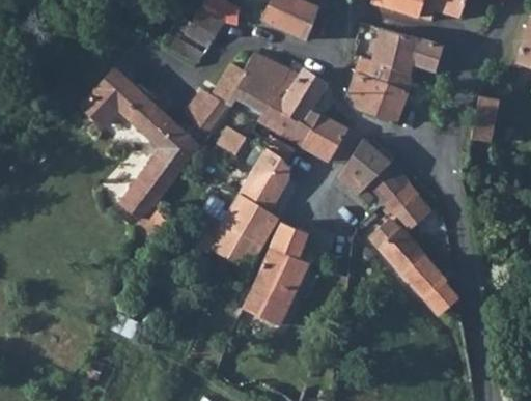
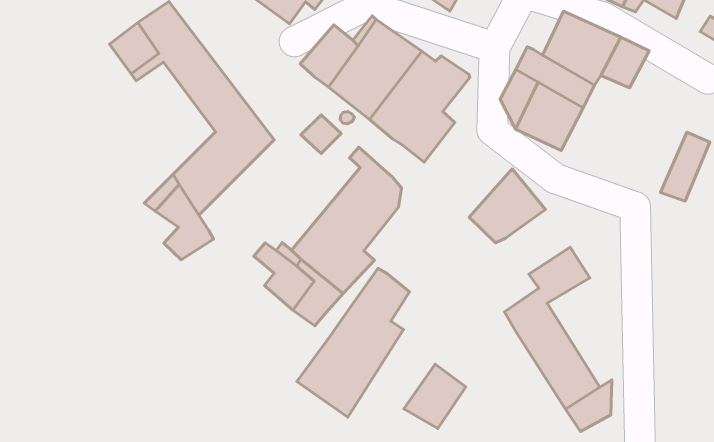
building: [184,86,231,139] -> none
building: [304,115,348,159] -> none
building: [367,164,412,209] -> none
building: none -> [404,364,466,429]

